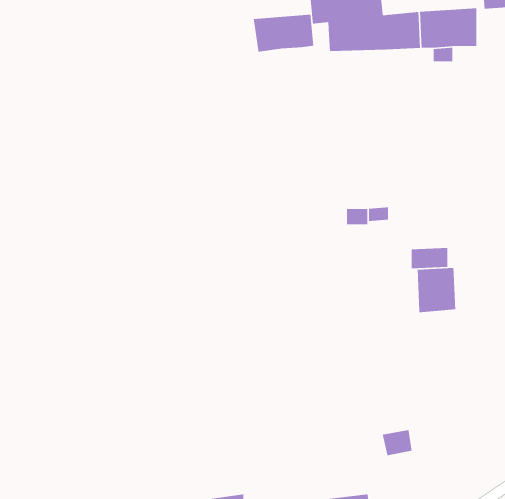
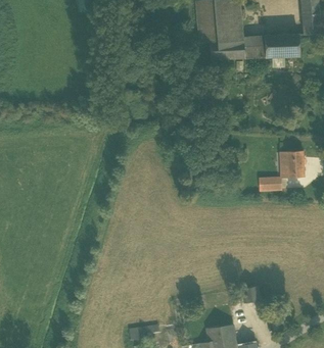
building: [253,14,314,52] -> none
building: [417,267,456,313] -> [280,151,304,179]

